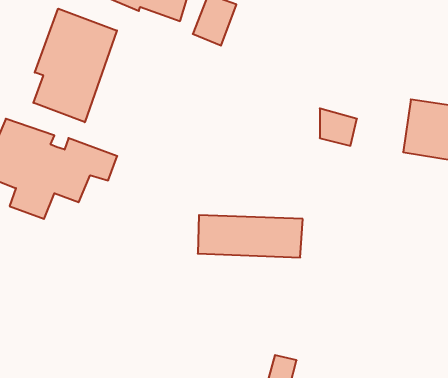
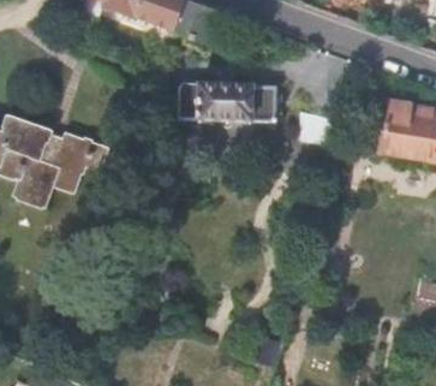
building: [33,9,117,122] -> none
building: [198,215,303,257] -> [180,81,279,120]

